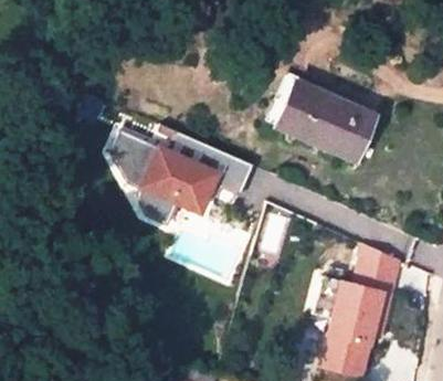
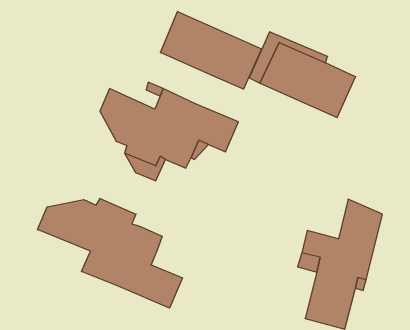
building: none -> [160,11,261,89]
building: none -> [37,198,182,308]

